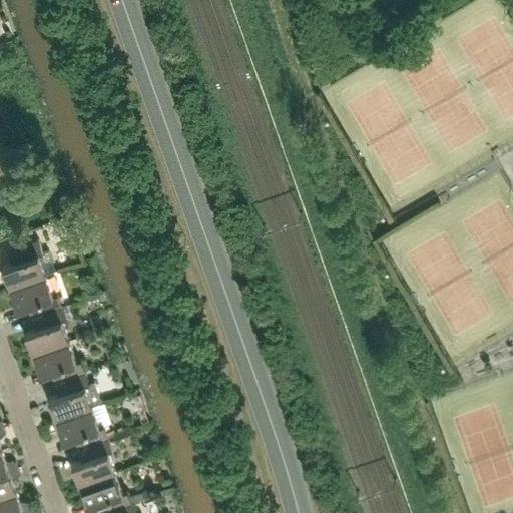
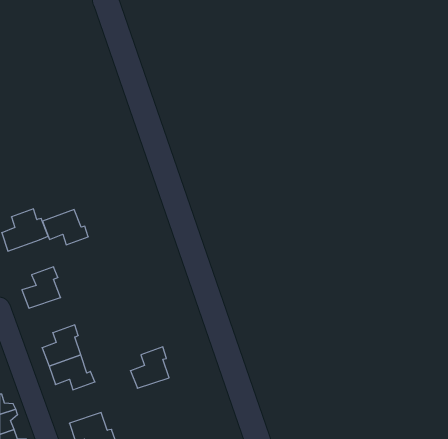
building: [9,285,61,325] -> [43,210,88,245]
building: [33,351,85,391] -> none
building: [71,447,115,494] -> [130,347,169,388]

